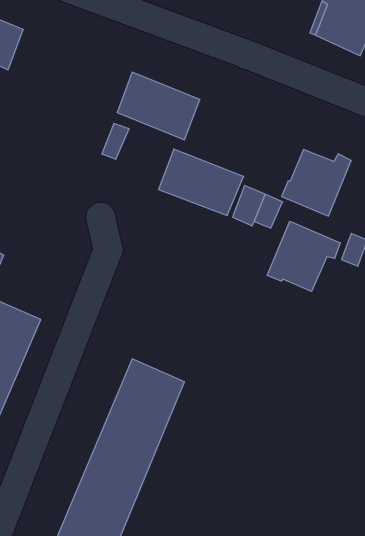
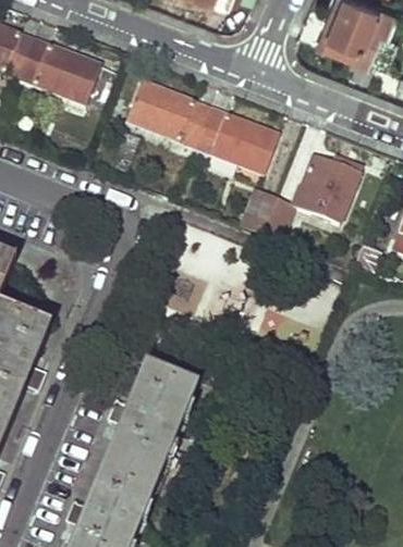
building: none -> [19,36,100,102]
building: [159,149,244,216] -> [195,105,280,172]
building: [267,221,340,291] -> none

